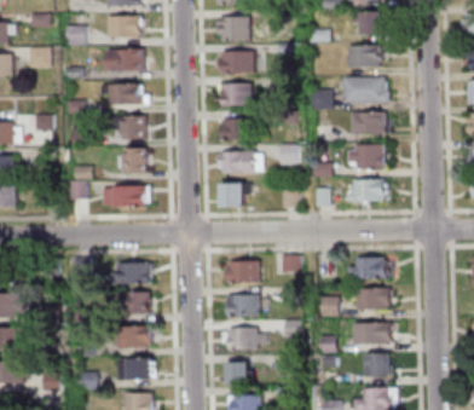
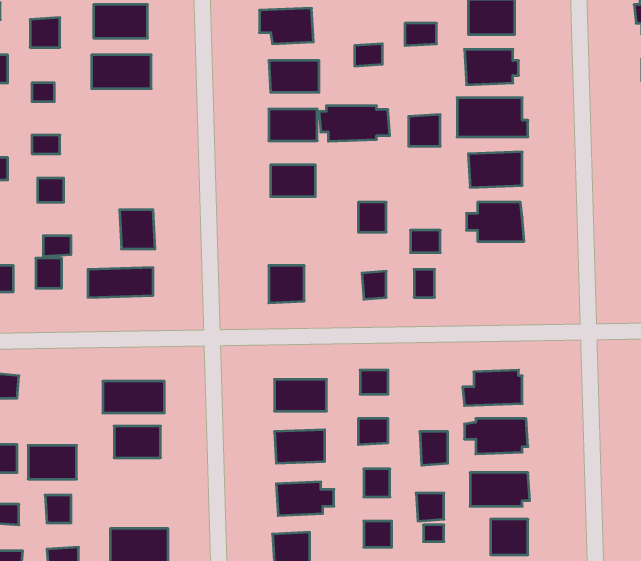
building: [100,83,150,108] -> none
building: [111,117,146,140] -> none
building: [216,152,262,175] -> [319,106,390,141]
building: [347,180,386,203] -> none
building: [121,324,152,346] -> [28,445,77,479]

